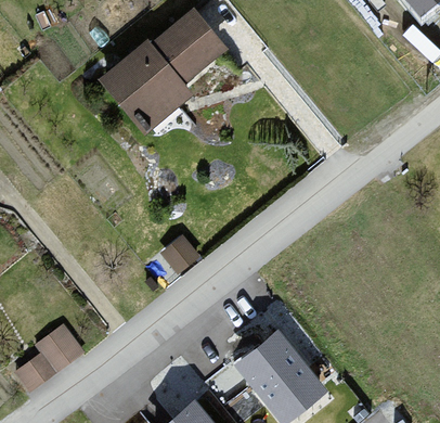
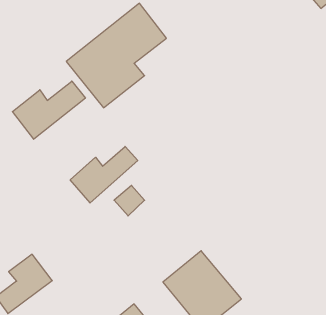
building: none -> [12,81,85,139]
building: none -> [70,146,138,203]

